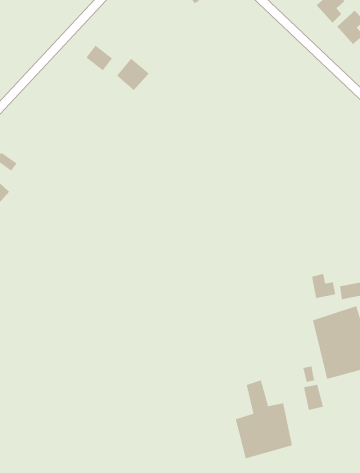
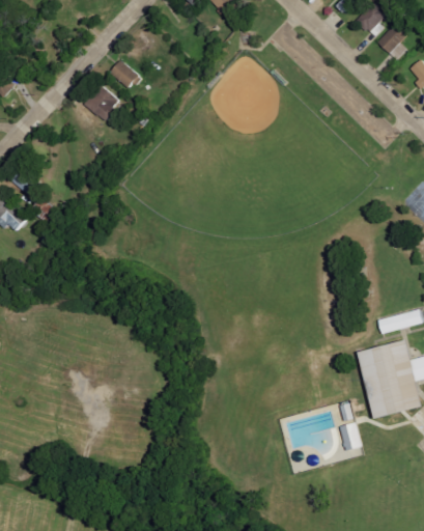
building: [116,58,149,91] -> [85,86,120,121]
building: [311,273,336,299] -> none
building: [235,379,293,459] -> none

